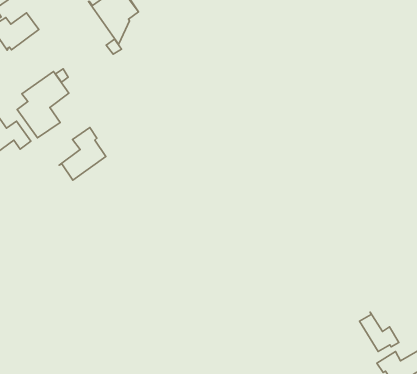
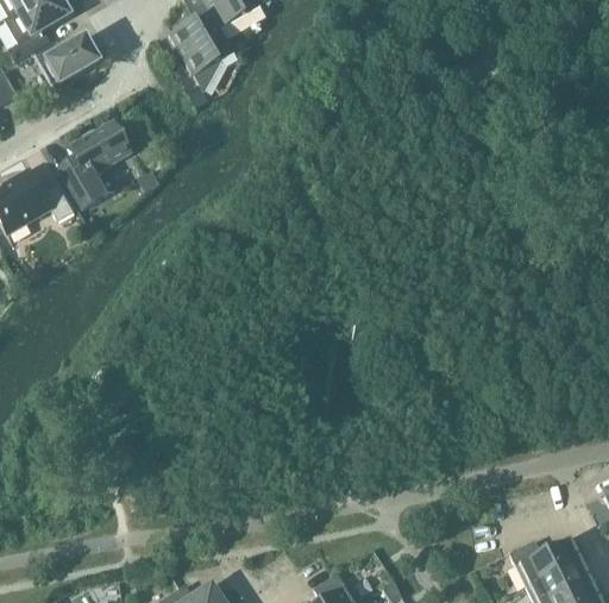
building: [59,127,106,180] -> none
building: [360,312,399,351] -> none

